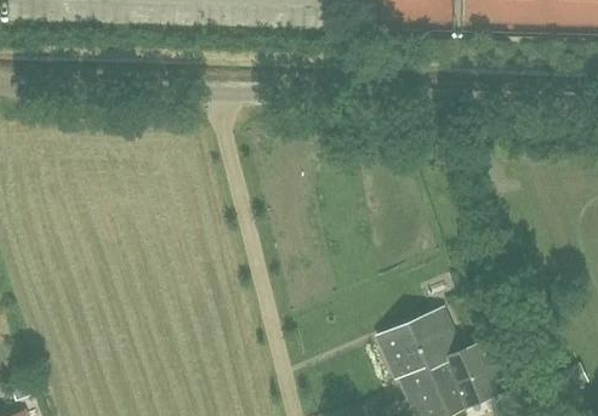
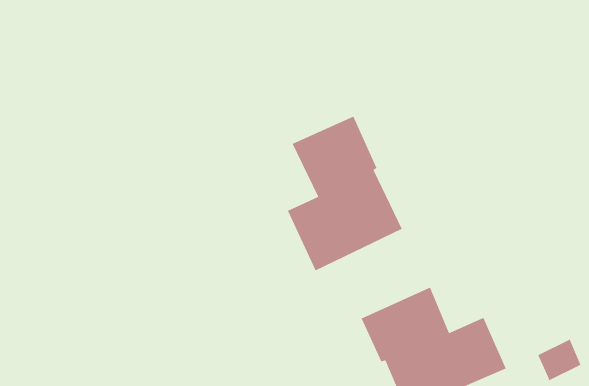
building: none -> [287,115,403,272]

